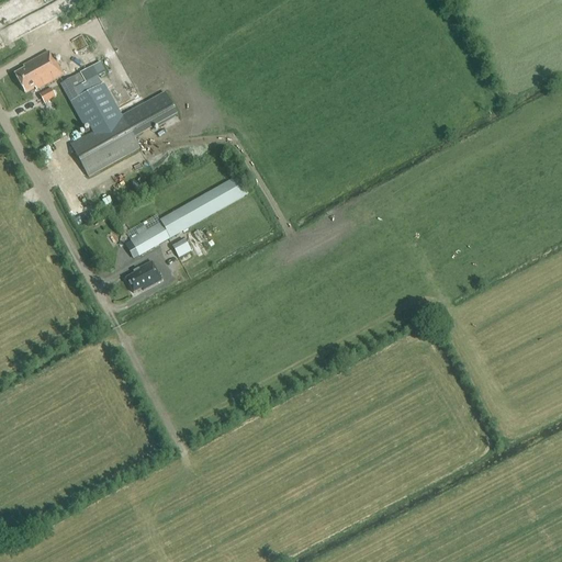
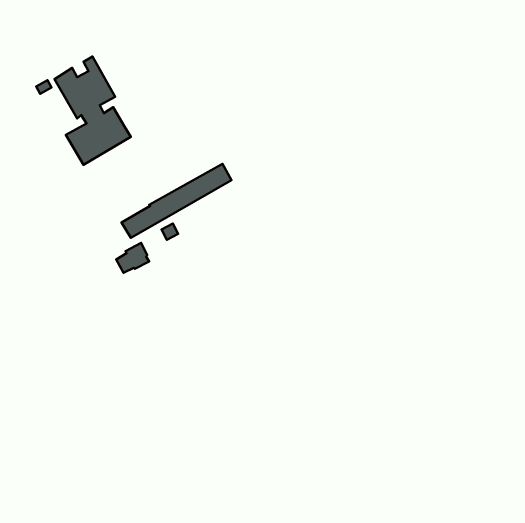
building: [13,49,63,91] -> none
building: [121,90,176,135] -> none

